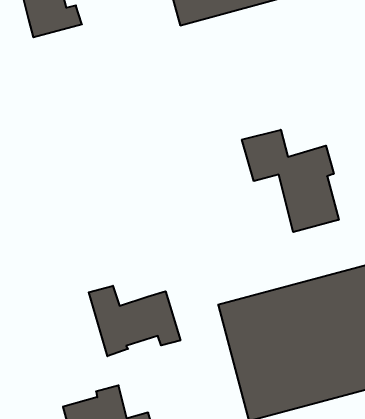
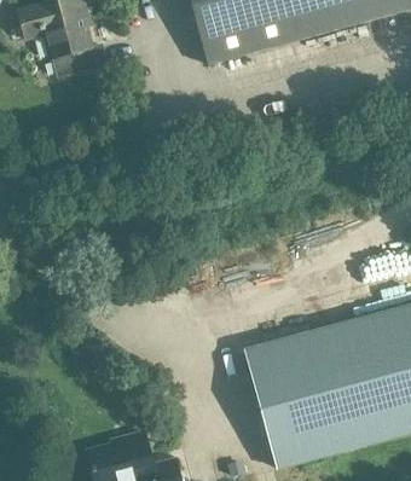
building: [242,130,339,232] -> none
building: [89,286,180,356] -> none

